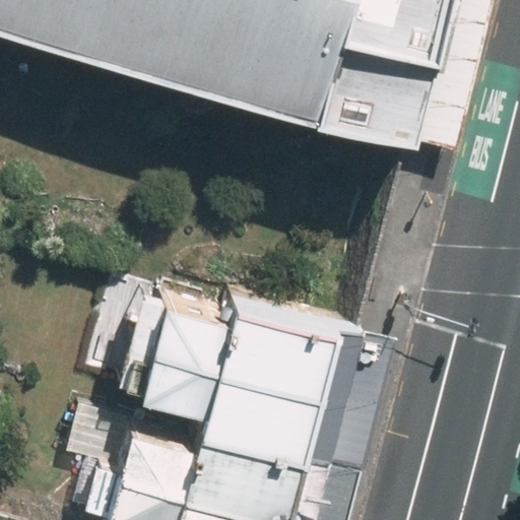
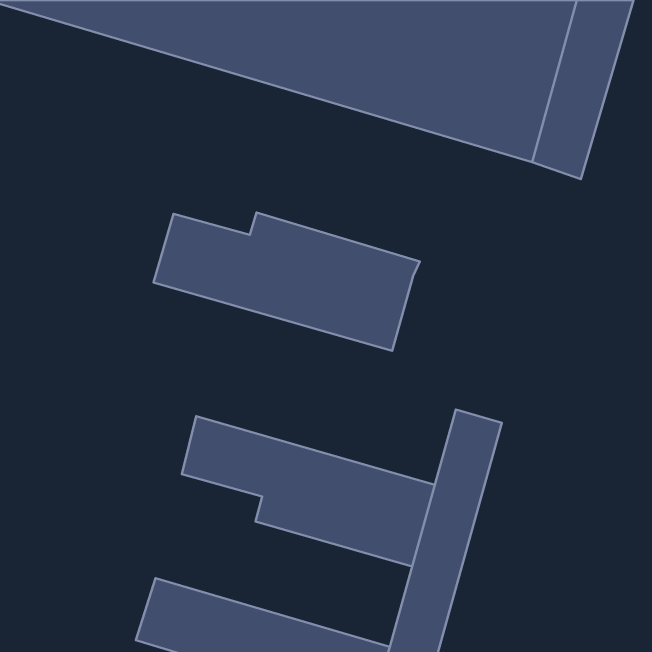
building: [151,283,356,390] -> [154,213,420,351]
building: [120,414,318,515] -> none

